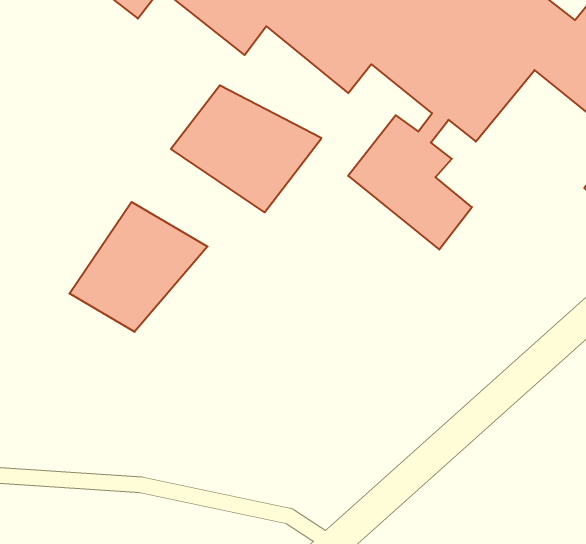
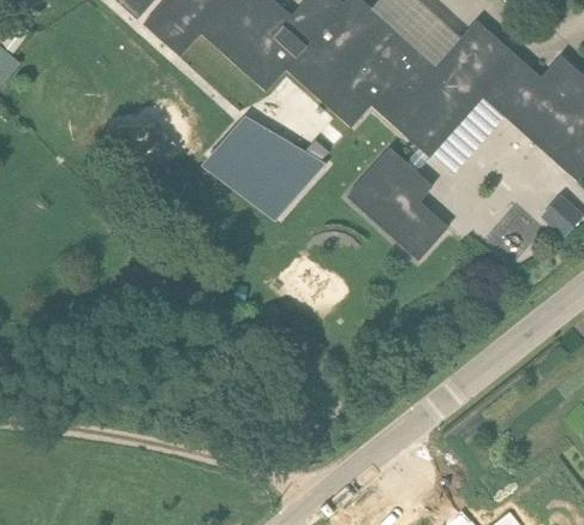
building: [69,202,208,332] -> none

